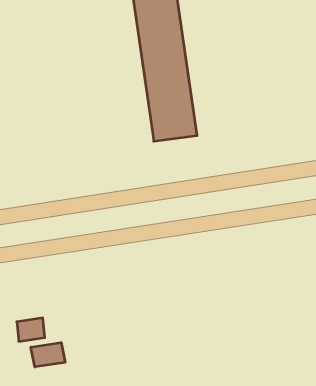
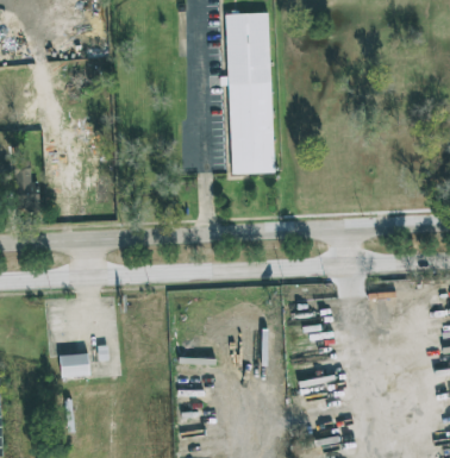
building: [31,343,65,367] -> none

